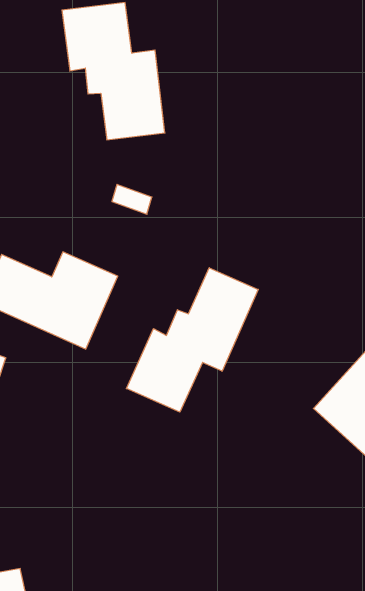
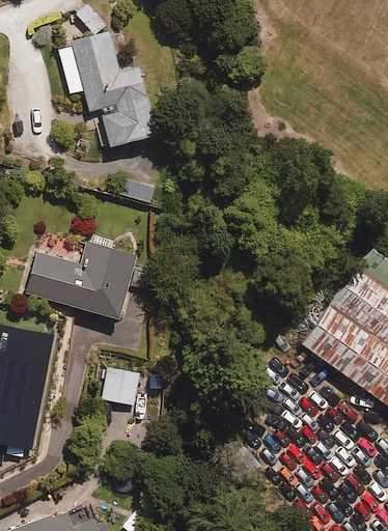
building: [126,268,258,412] -> none
building: none -> [102,372,138,408]

